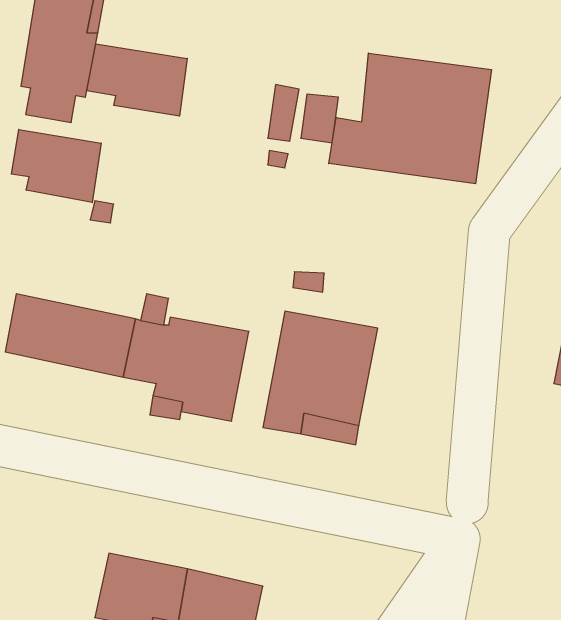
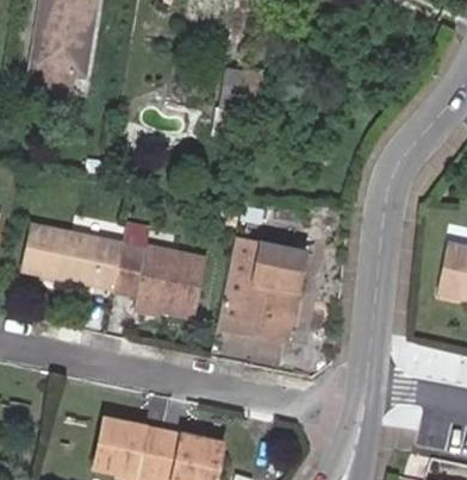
building: [87,44,187,116] -> none
building: [329,53,491,184] -> none
building: [12,129,101,203] -> none

